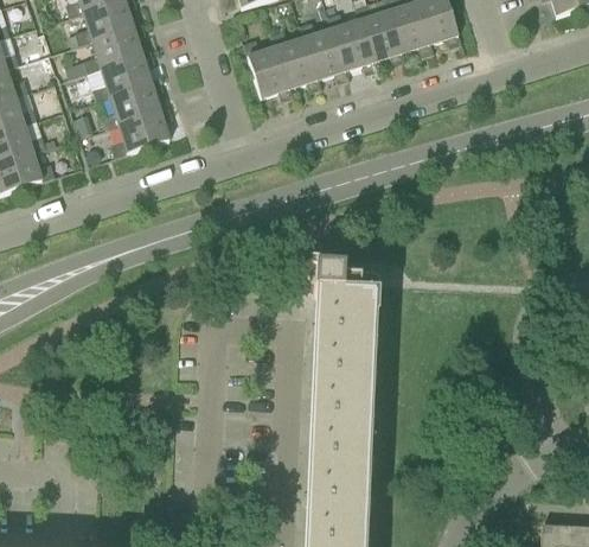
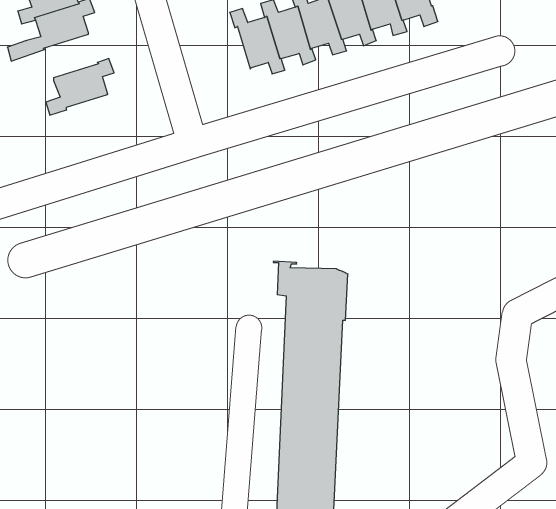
building: [242,38,293,100] -> none
building: [91,49,153,100] -> none
building: [109,104,171,155] -> none

